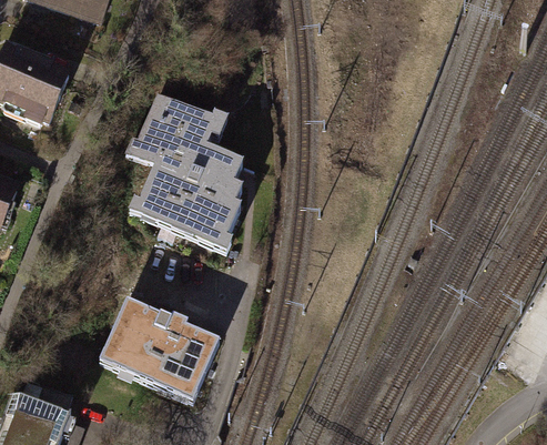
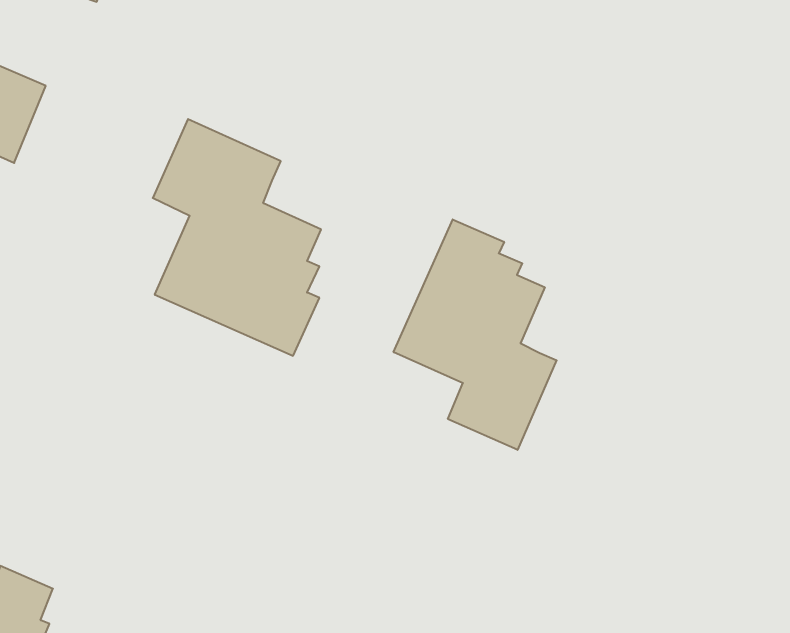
building: none -> [394,219,557,450]
building: [101,302,216,396] -> none

